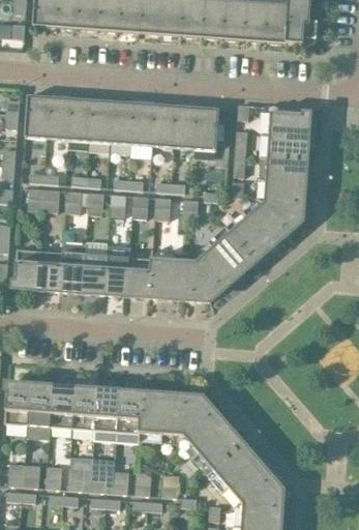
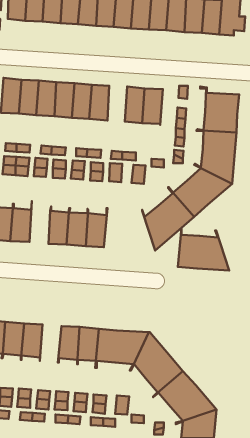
building: [152,104,176,146] -> none
building: [59,241,85,292] -> none
building: [148,249,209,300] -> [178,228,229,270]
building: [71,388,97,434] -> none

